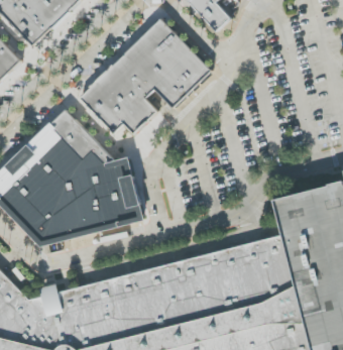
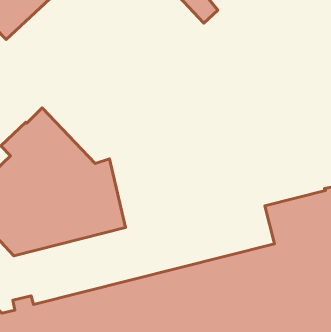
building: [80,18,211,133] -> none

